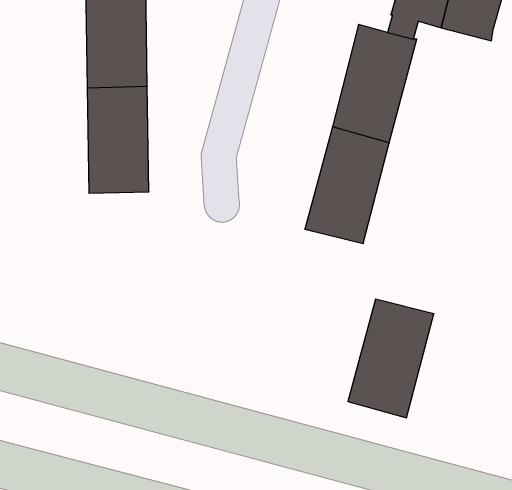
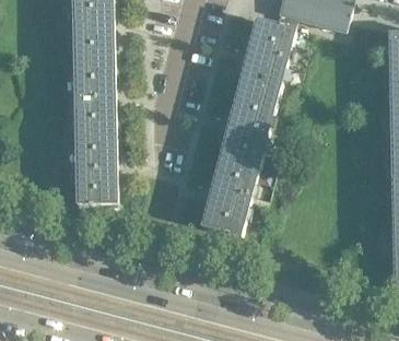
building: none -> [74,132,117,204]
building: [348,299,434,418] -> [201,157,259,237]

